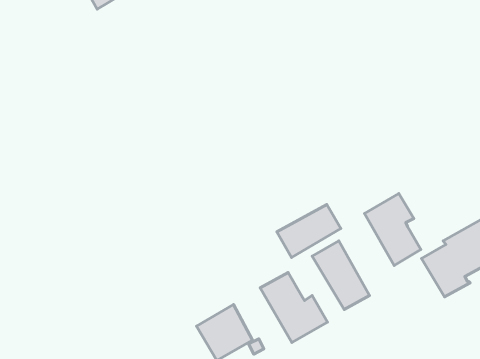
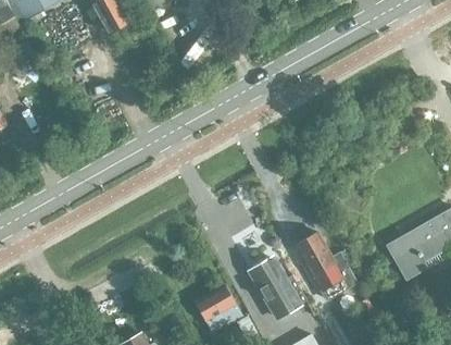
building: [365,193,421,266] -> none
building: [277,204,341,257] -> none

